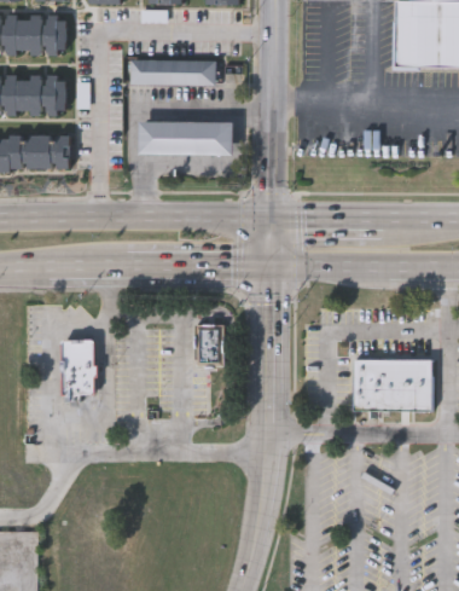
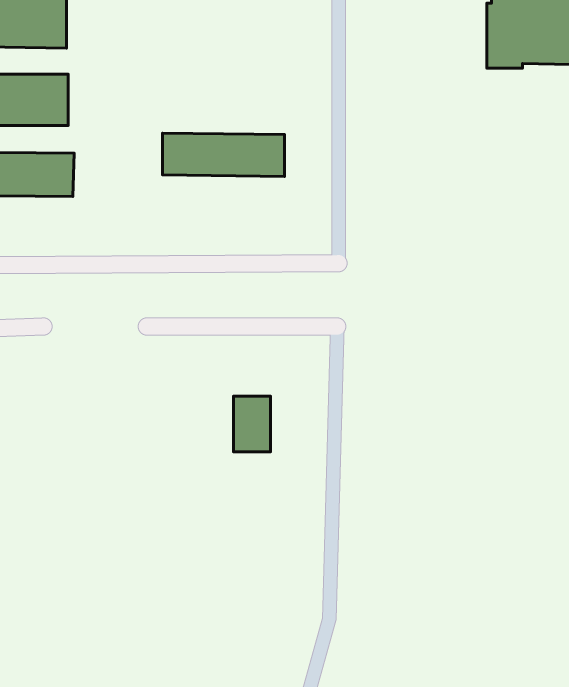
building: [130,58,216,85] -> none
building: [63,342,95,399] -> none
building: [353,359,432,411] -> none

